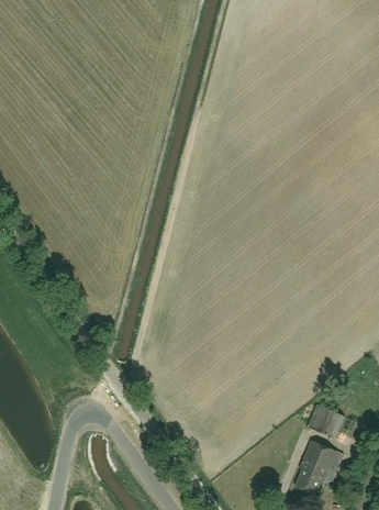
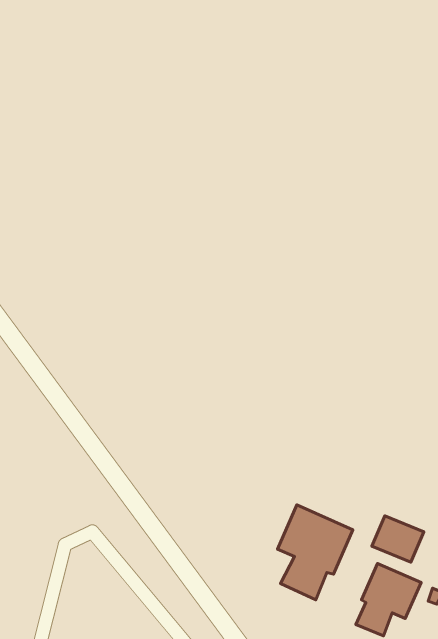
building: none -> [277,505,353,600]

